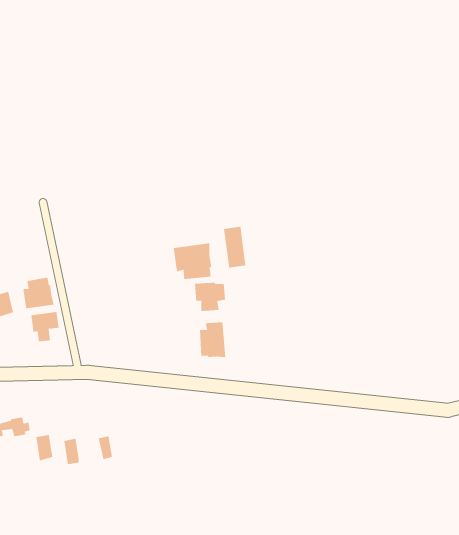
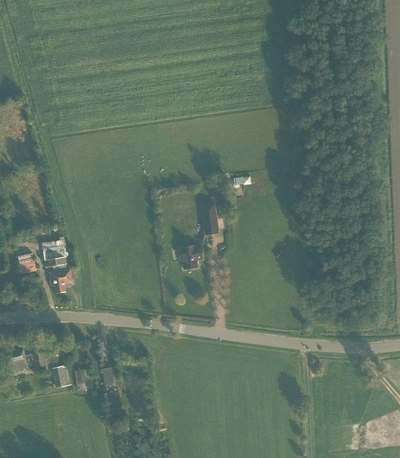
building: [173,242,212,280] -> none
building: [200,321,226,358] -> none

